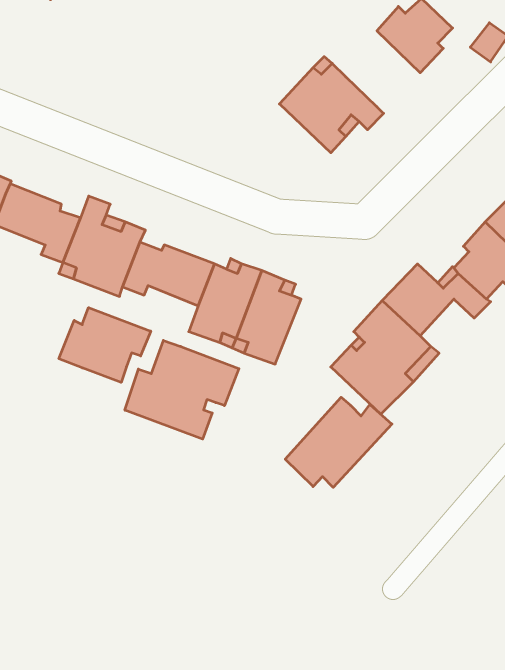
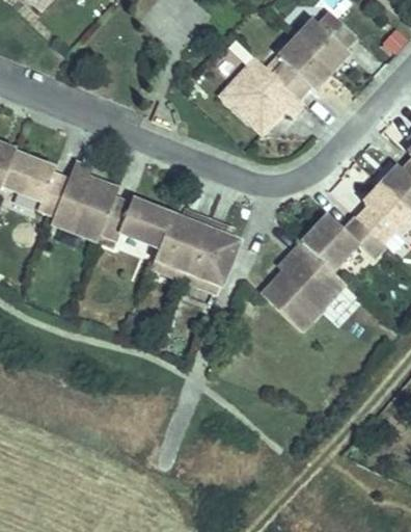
building: none -> [275,35,332,94]
building: [59,308,151,382] -> none
building: [125,340,239,439] -> none
building: [285,397,392,487] -> none

